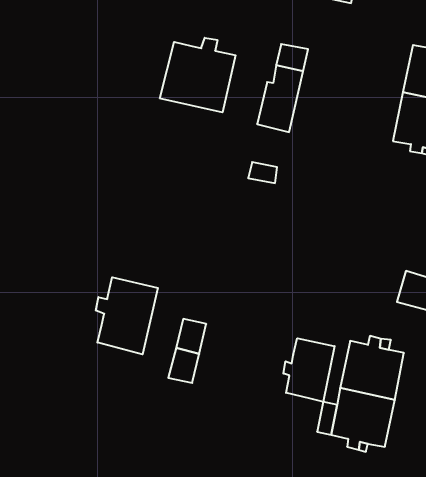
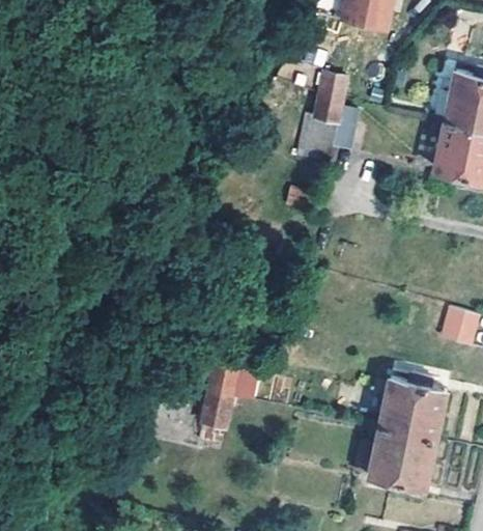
building: [160,38,236,112] -> none
building: [96,277,158,354] -> none
building: [283,338,335,402] -> none

